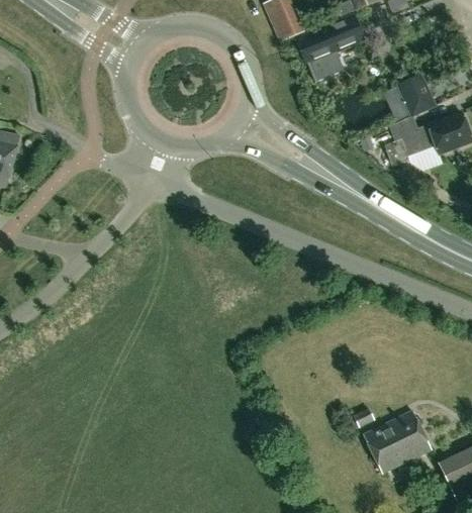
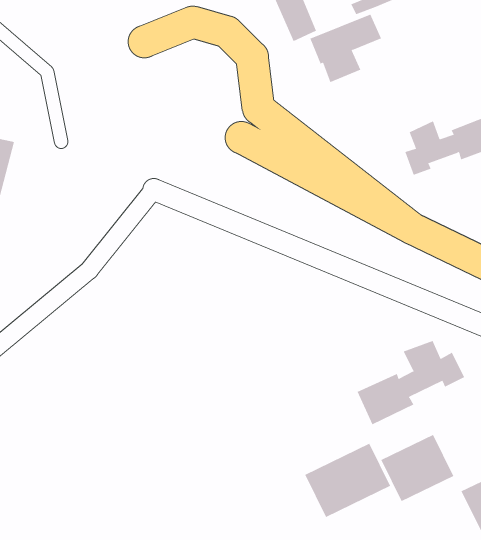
building: [397,76,435,115] -> none
building: none -> [357,340,465,425]
building: none -> [305,443,391,518]

